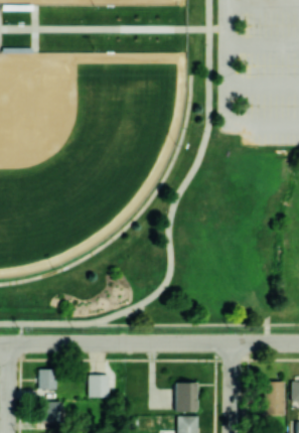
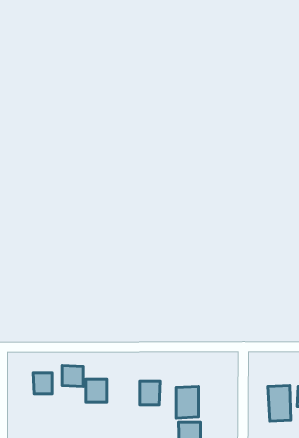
building: none -> [140,381,160,405]
building: [40,402,60,422] -> [62,365,83,387]

